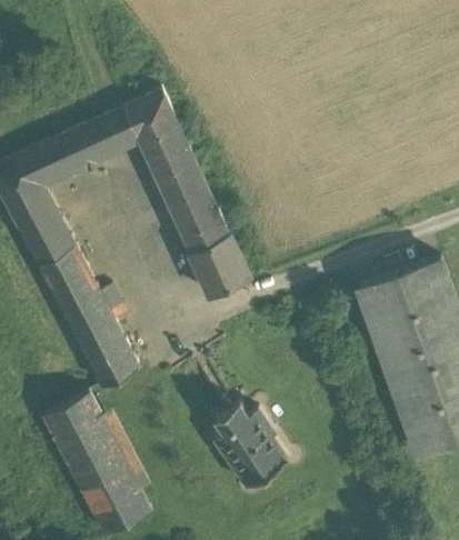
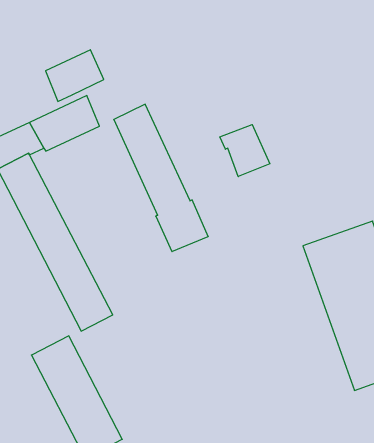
building: [108,89,176,149] -> [46,50,104,101]
building: none -> [220,125,270,177]
building: [213,402,287,489] -> none

